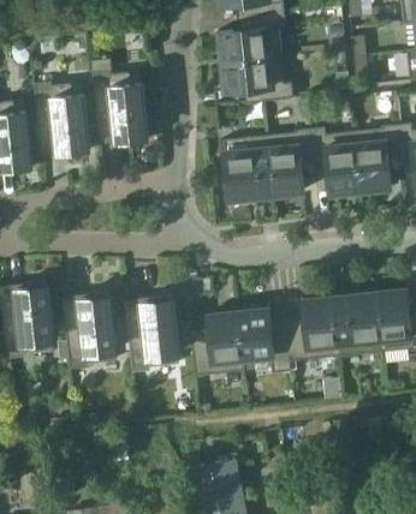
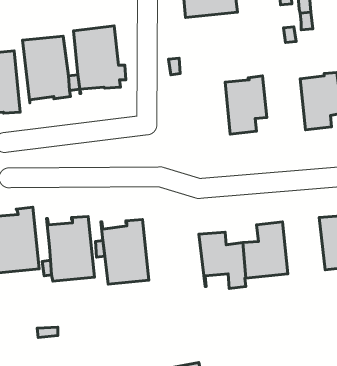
building: [222,55,293,103] -> none
building: [311,127,361,195] -> none
building: [225,136,274,199] -> none
building: [334,292,384,357] -> none
building: [191,311,245,376] -> none

